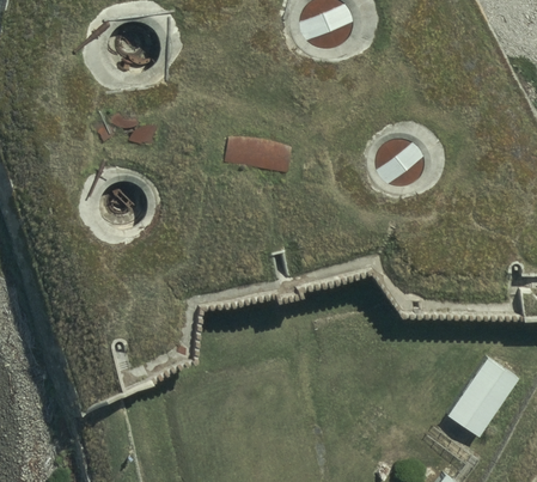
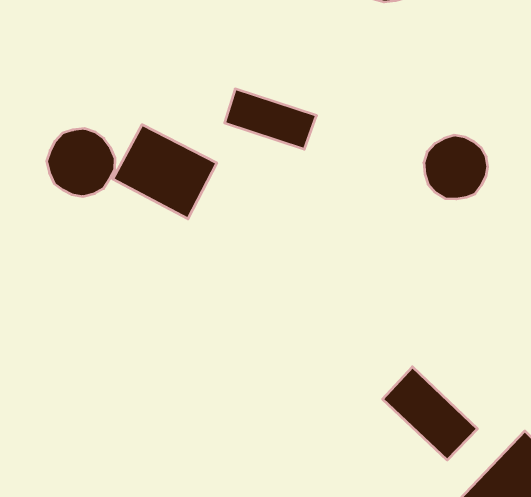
building: none -> [113,125,217,219]
building: none -> [383,367,477,460]

